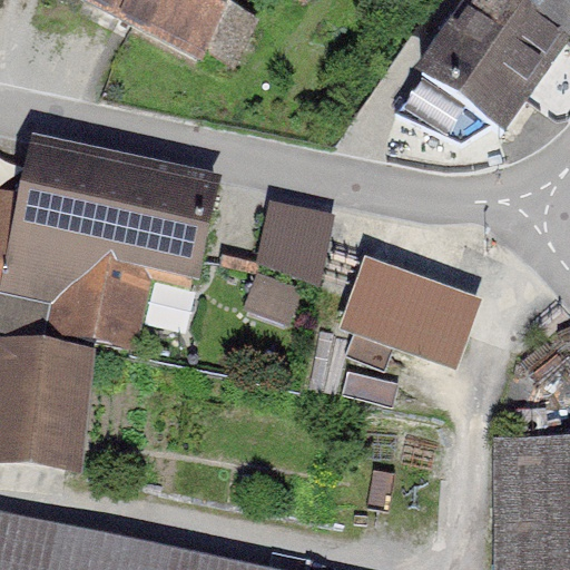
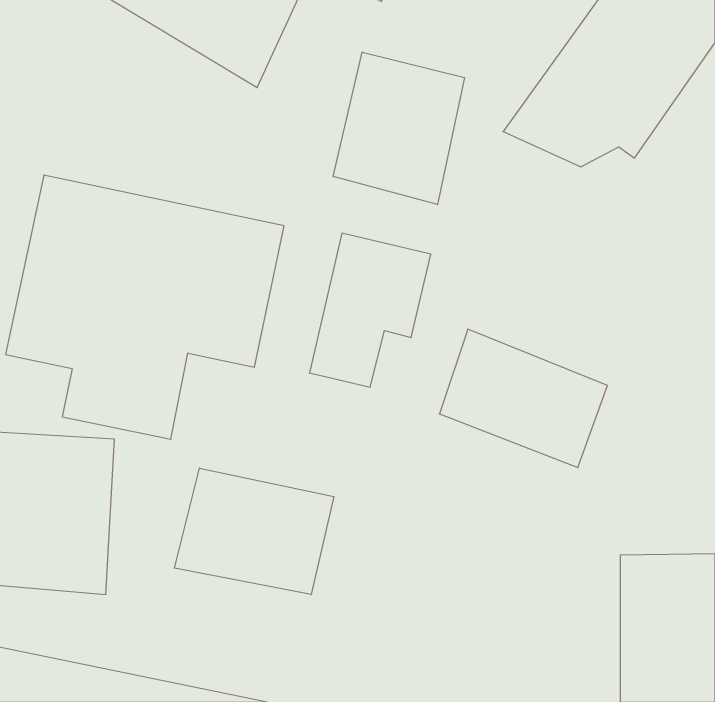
building: none -> [333,52,464,205]
building: none -> [174,468,334,595]

